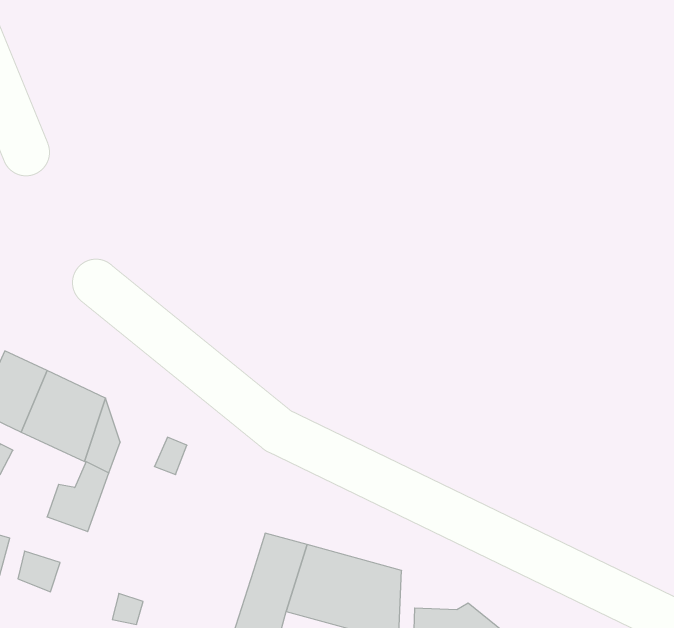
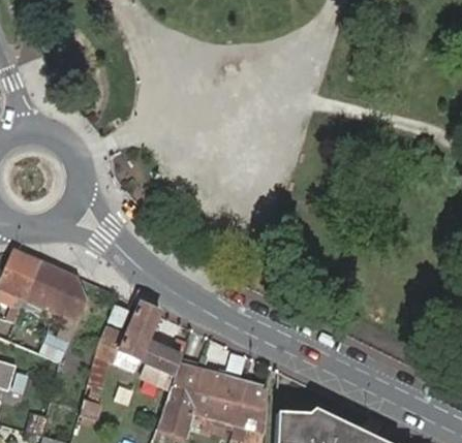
building: none -> [88,304,183,398]

